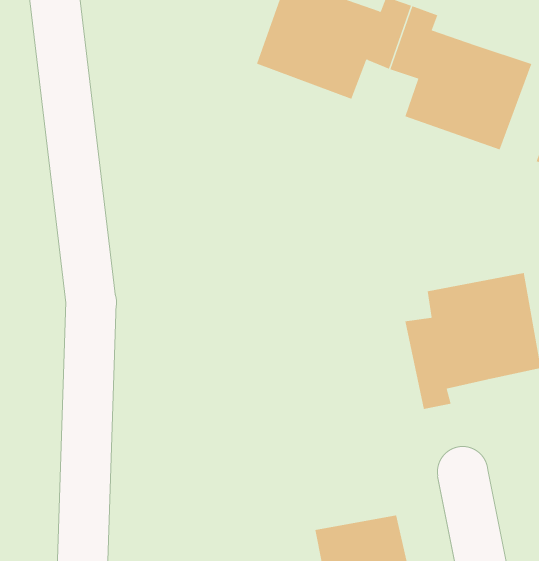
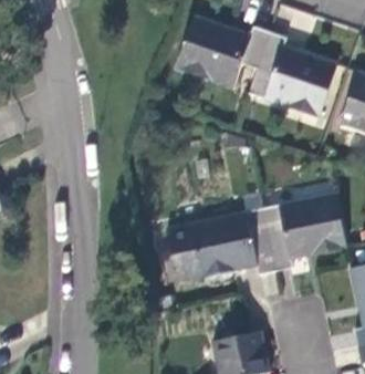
building: none -> [169,210,277,281]

